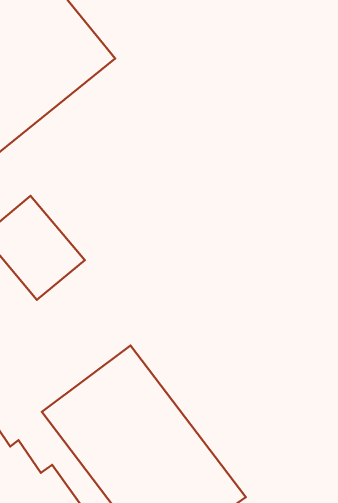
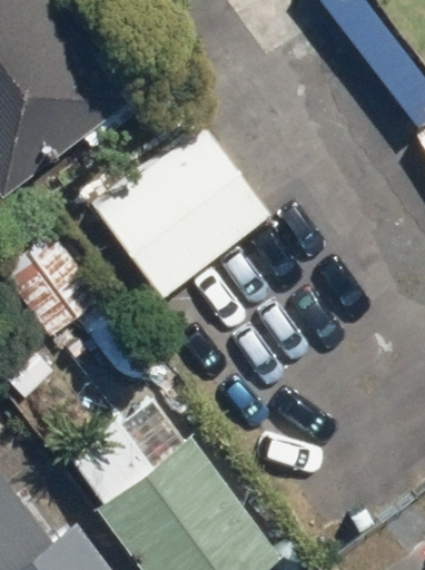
building: none -> [92,125,273,299]

